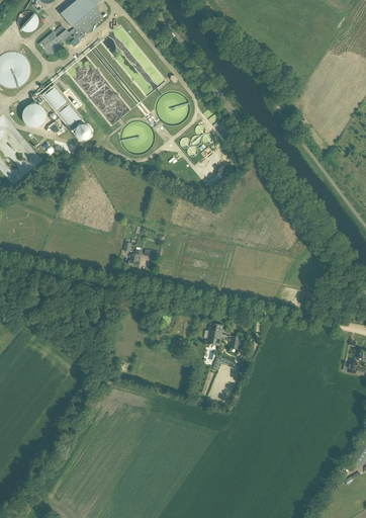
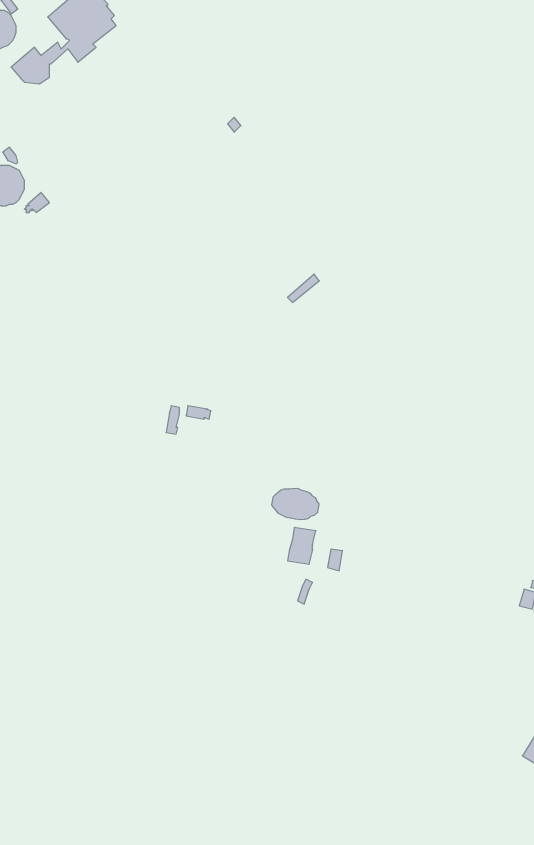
building: [42,85,83,130] -> none
building: none -> [272,488,319,520]

